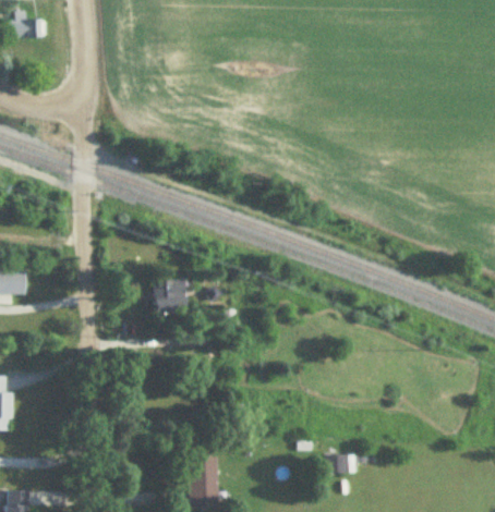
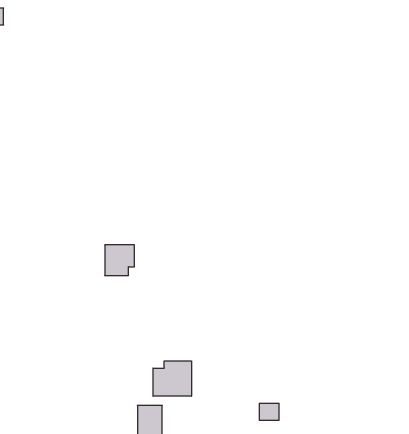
building: none -> [153,361,191,396]

